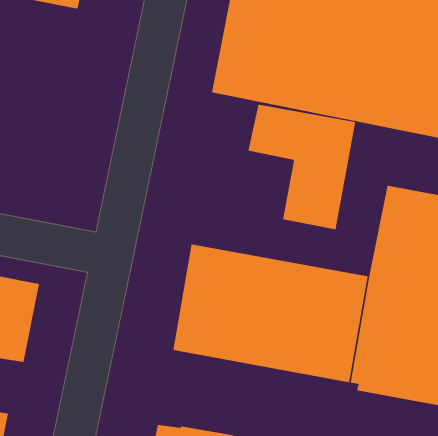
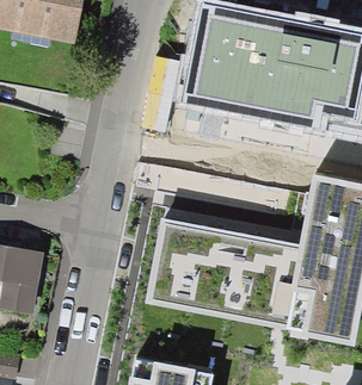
building: [248,104,356,230] -> none

